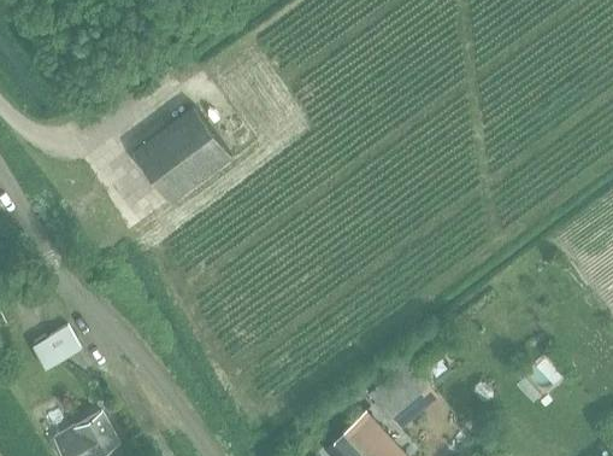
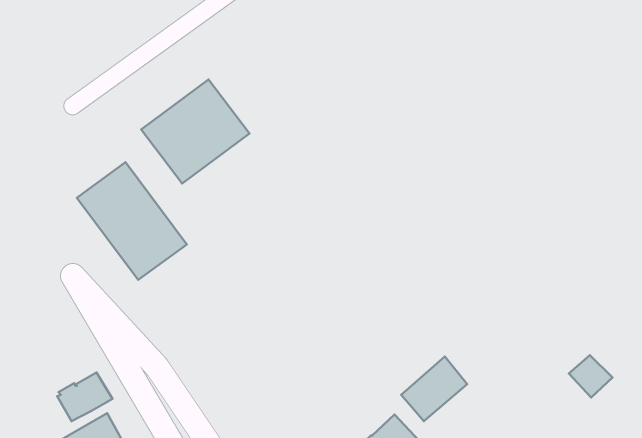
building: none -> [77,162,187,280]
building: [33,326,83,370] -> [57,372,112,421]

